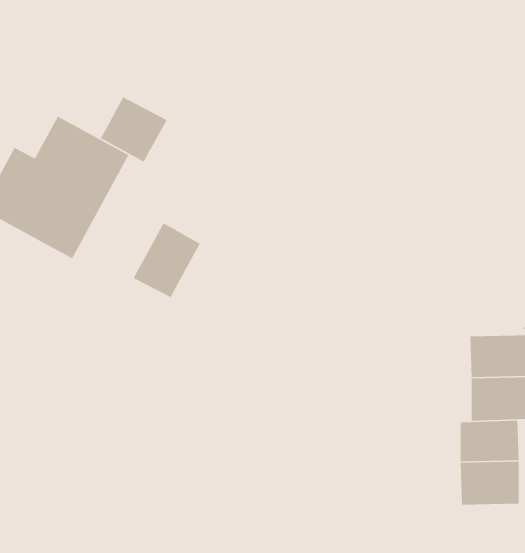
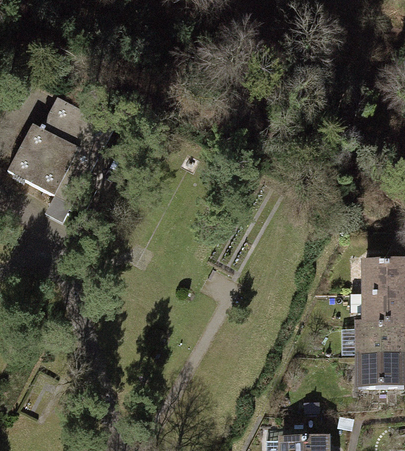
building: [100,96,168,163] -> none
building: [133,222,201,298] -> none

